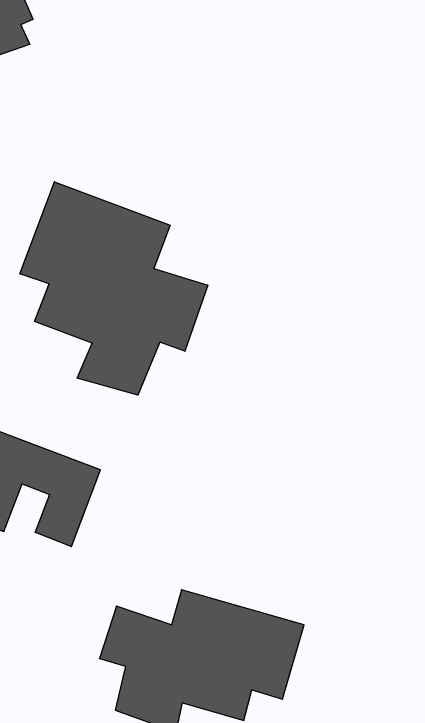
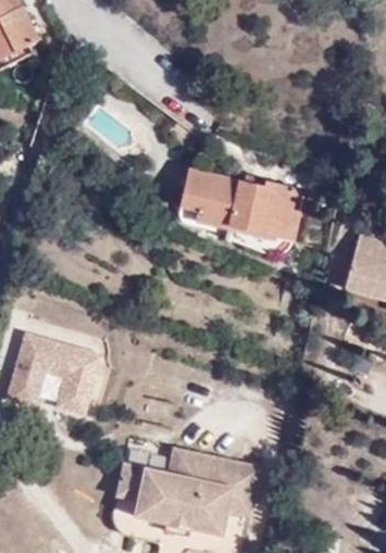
building: [20,182,208,395] -> none
building: none -> [178,164,302,240]

